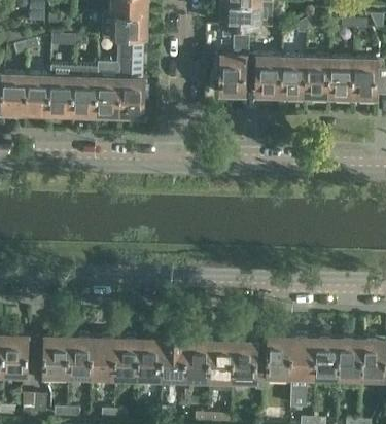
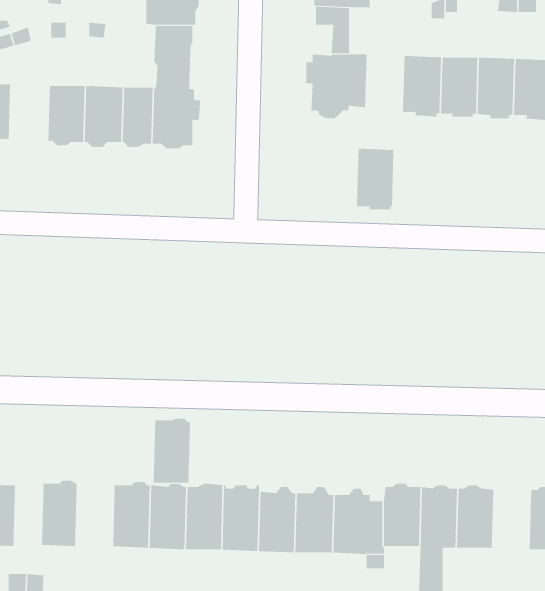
building: [256,57,281,97] -> [356,148,394,210]
building: [25,76,50,115] -> none
building: [68,334,93,377] -> [153,418,191,483]
building: [339,338,363,379] -> none

